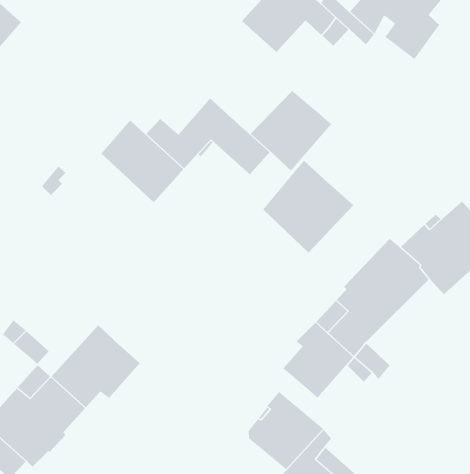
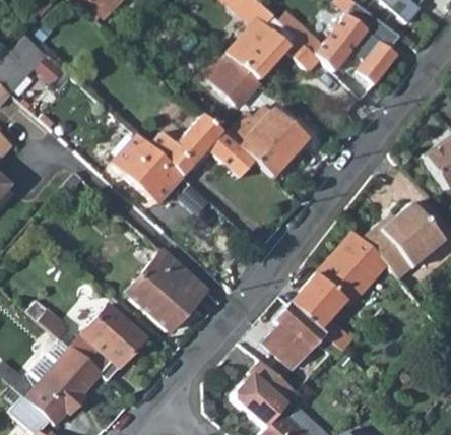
building: none -> [208,52,259,102]
building: [262,160,354,254] -> none
building: none -> [126,250,206,331]

